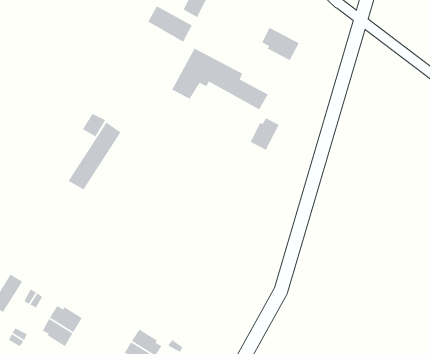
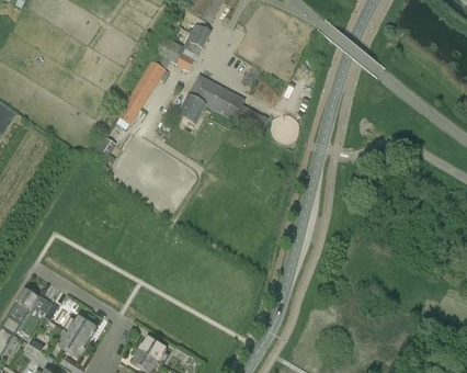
building: [261,27,300,61] -> none
building: [249,117,280,151] -> none
building: [68,121,121,191] -> [116,59,167,124]

